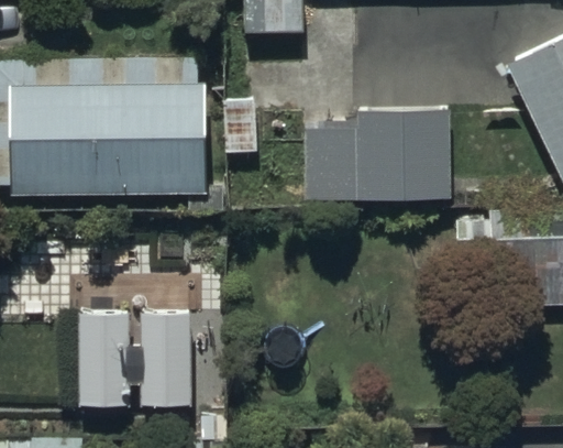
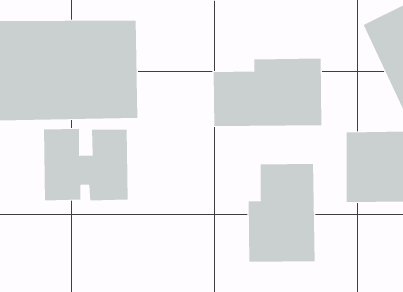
building: none -> [248,163,315,263]
building: [82,309,198,407] -> [43,128,128,201]

